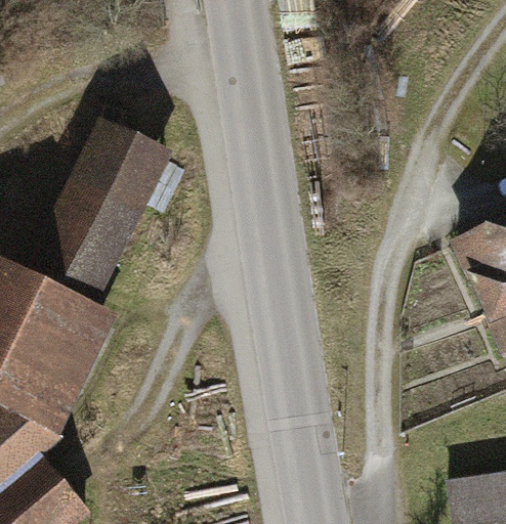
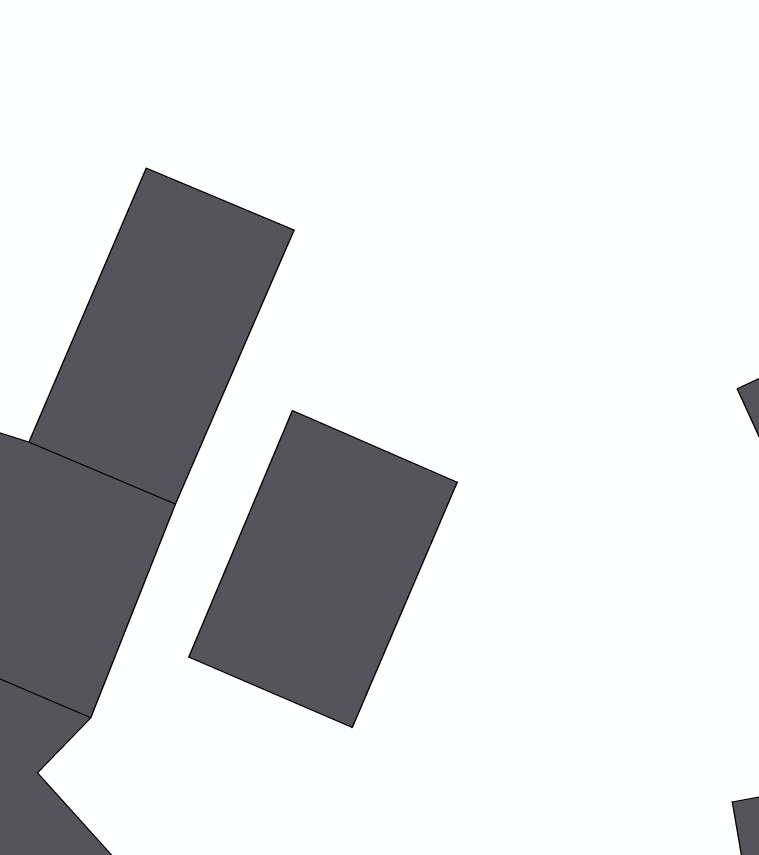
building: none -> [189,411,457,728]

